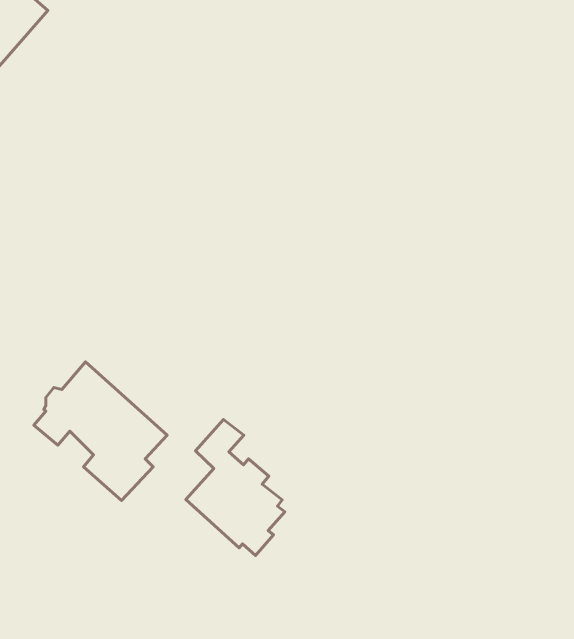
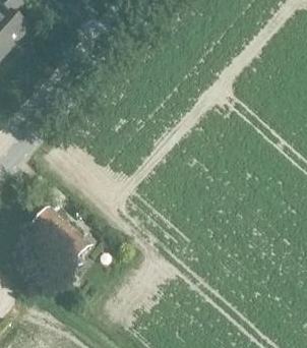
building: [186,419,285,555] -> none

